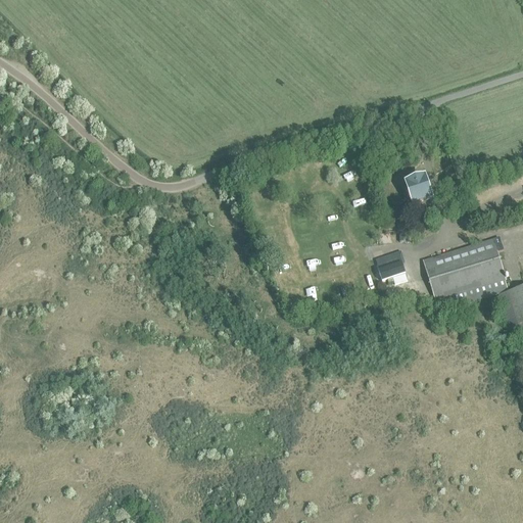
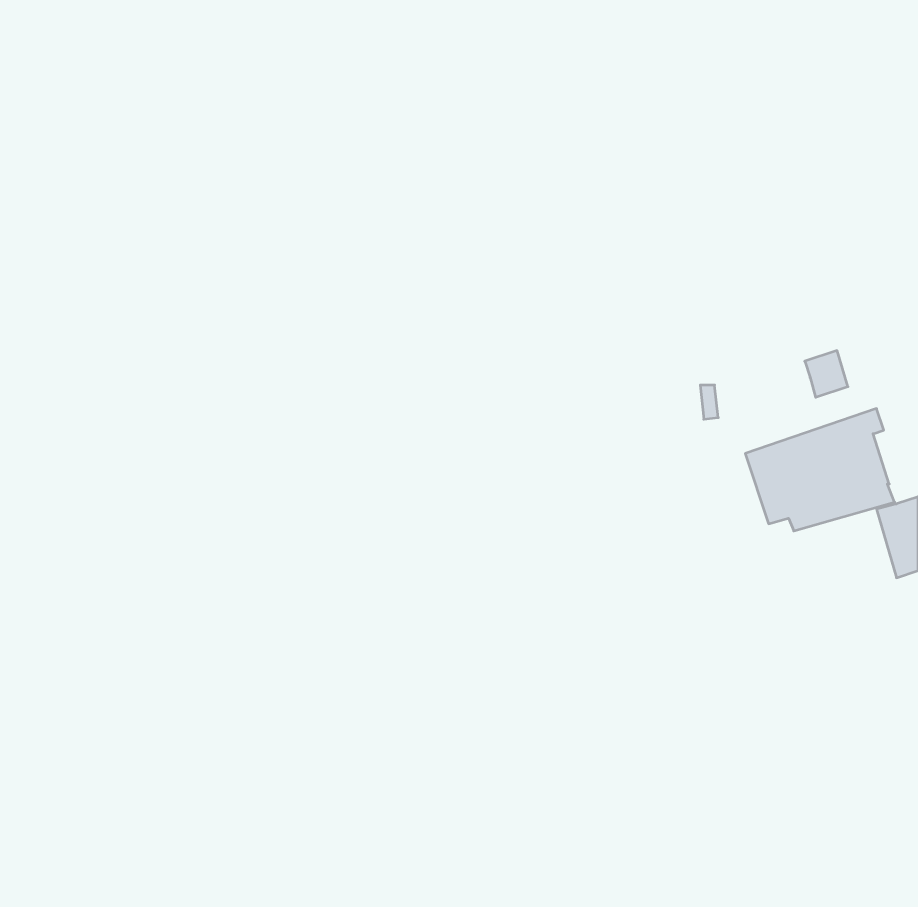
building: [406,173,430,199] -> [805,351,848,397]
building: [375,250,407,279] -> none

